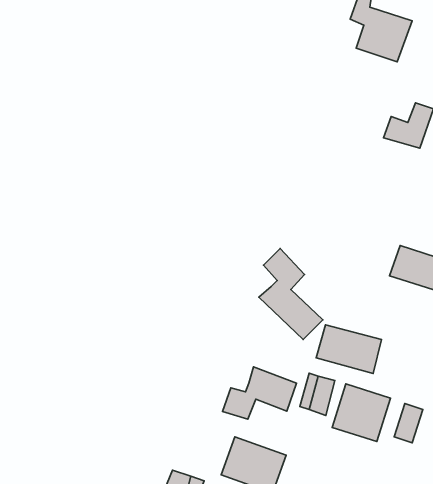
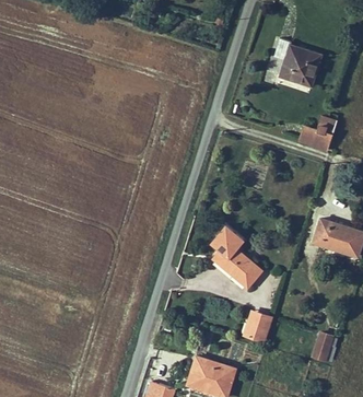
building: [316,325,381,374] -> none
building: [222,367,297,419] -> none
building: [332,384,390,442] -> none

